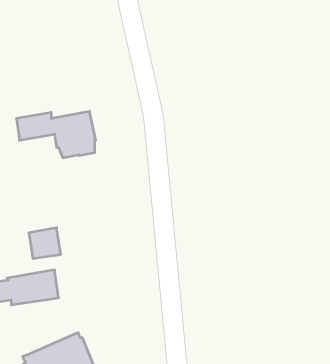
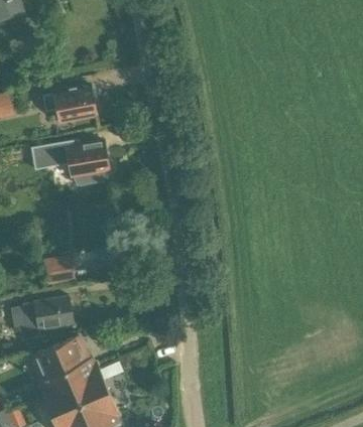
building: none -> [42,84,98,122]
building: none -> [31,334,89,379]

